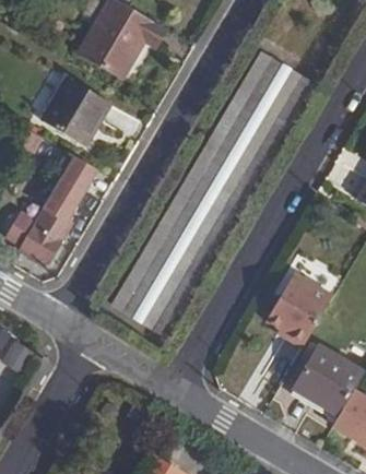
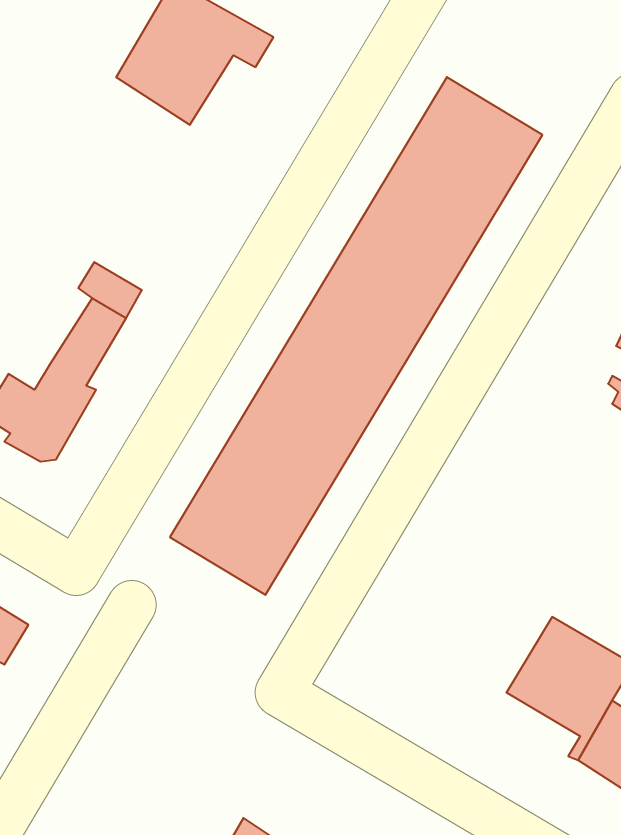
building: [42,74,111,144] -> none
building: [265,271,333,347] -> none

